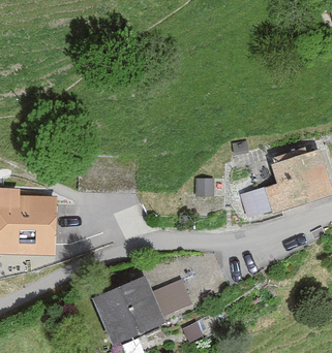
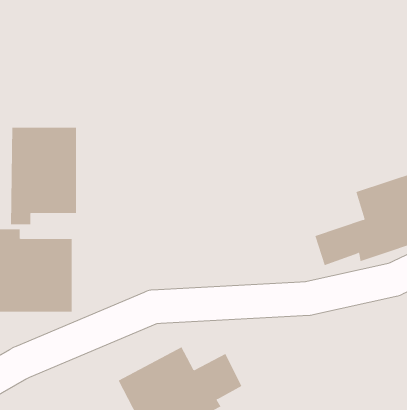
building: none -> [11,127,77,225]

